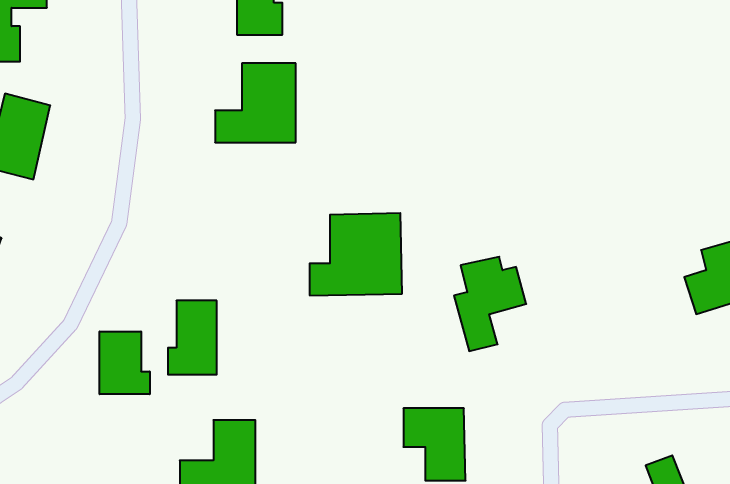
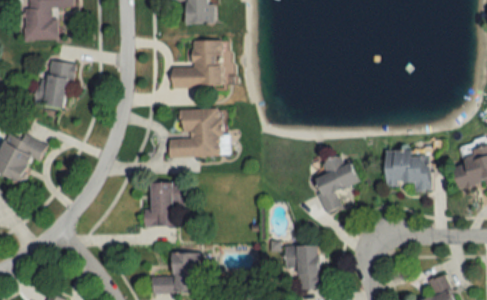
building: [310,213,402,295] -> [169,109,224,158]
building: none -> [385,151,430,191]
building: [100,331,150,394] -> none

